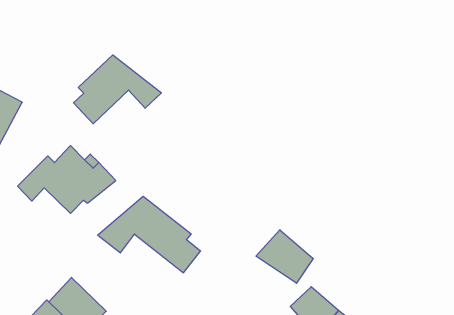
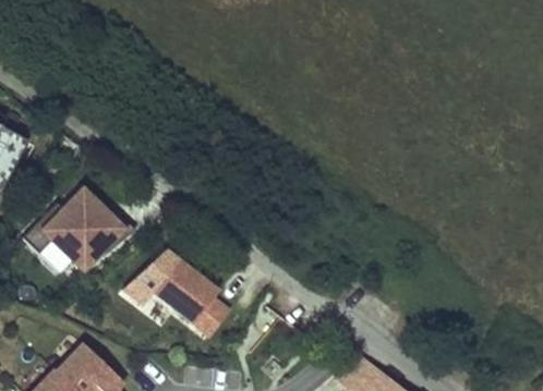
building: [74,55,161,124] -> none
building: [256,230,313,283] -> none

